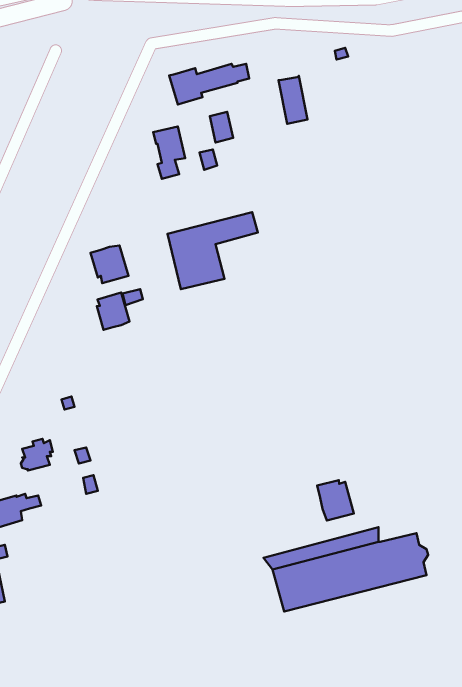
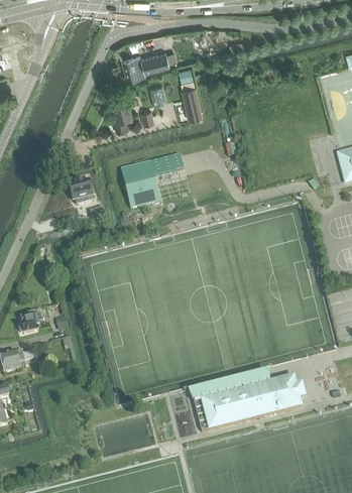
building: [278,76,308,124] -> [182,86,202,119]
building: [97,292,130,330] -> none
building: [317,480,354,520] -> none

